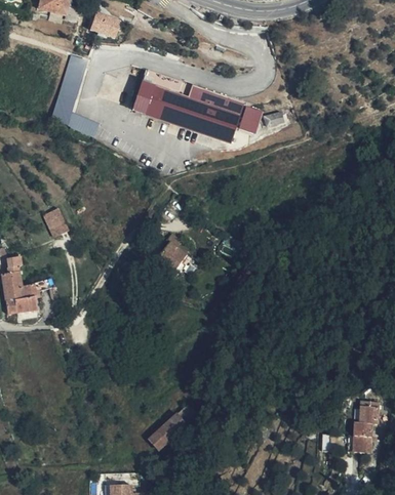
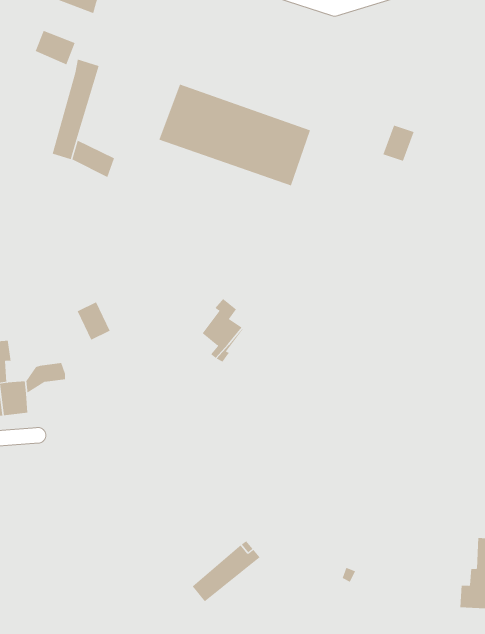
building: [93,13,123,39] -> [35,30,75,65]
building: [235,106,259,132] -> [382,125,415,161]
building: [41,207,66,236] -> [77,301,111,341]

